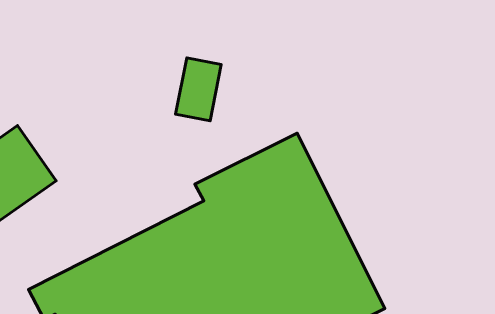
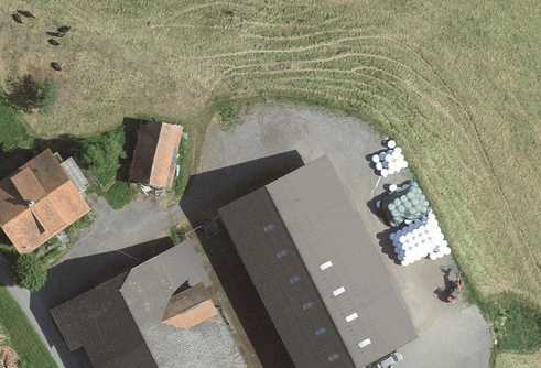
building: [176,58,221,121] -> [133,119,178,182]

